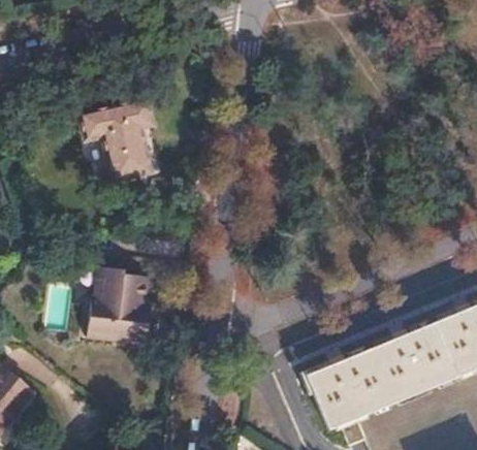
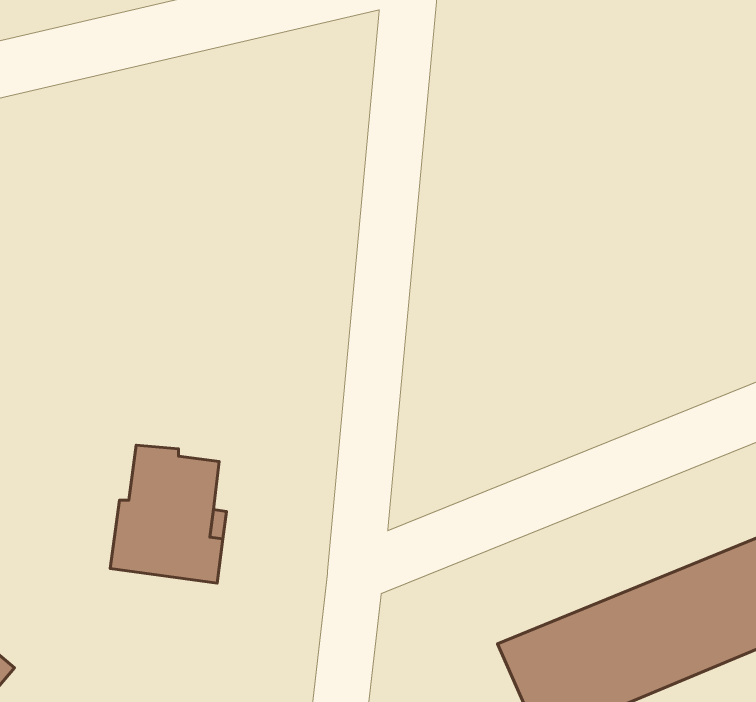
building: [82,100,156,183] -> none

